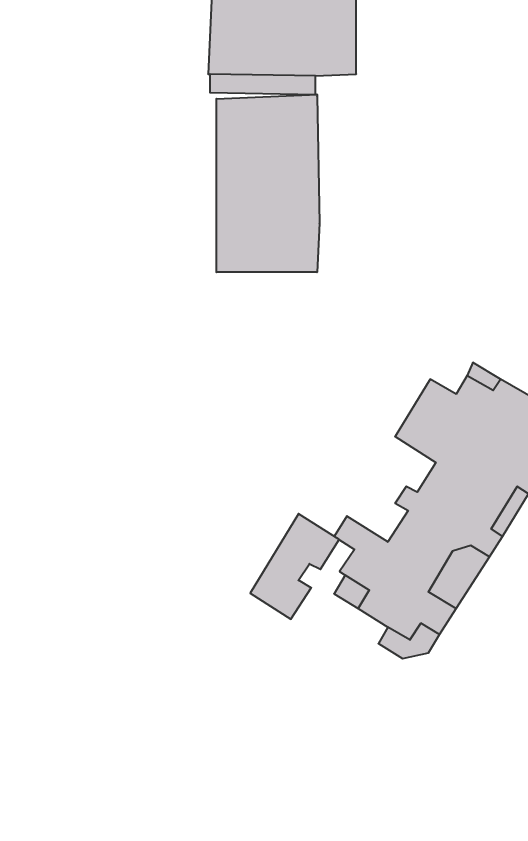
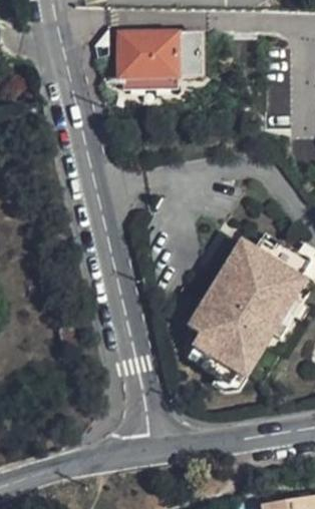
building: [216,94,319,272] -> none
building: [250,514,339,619] -> [192,274,240,331]

